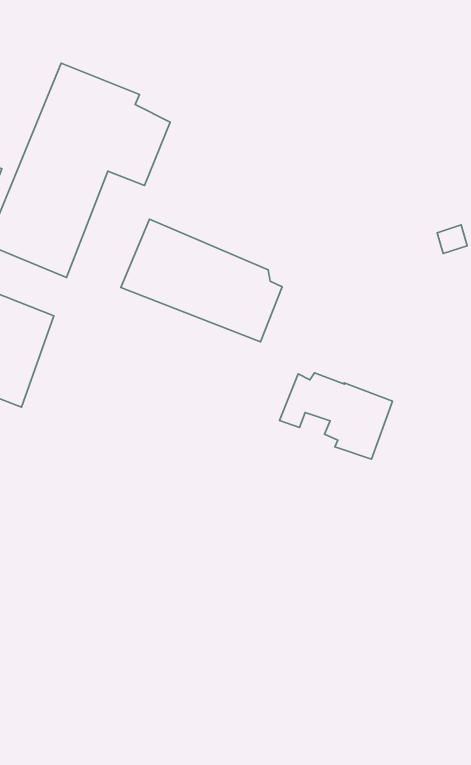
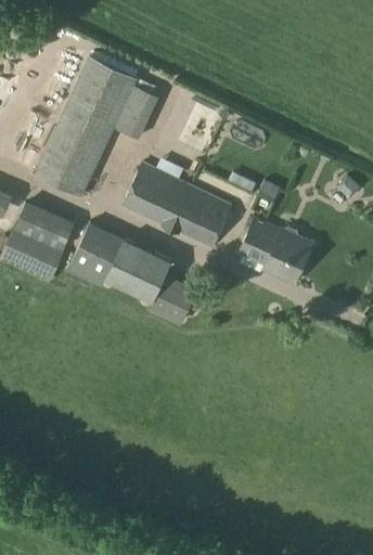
building: none -> [67,222,197,325]
building: [280,373,393,459] -> [236,221,312,281]

